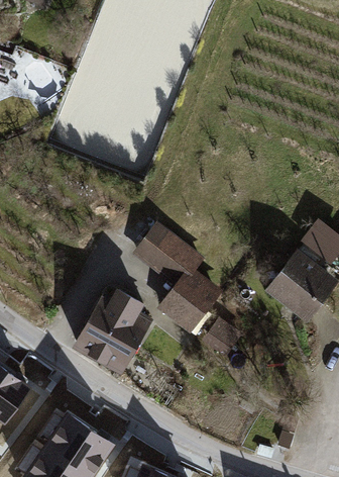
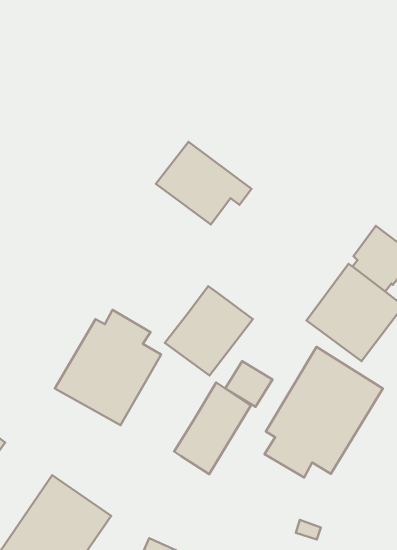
building: [130,221,204,285] -> [156,142,251,224]
building: none -> [265,347,383,478]
building: none -> [174,383,251,474]

